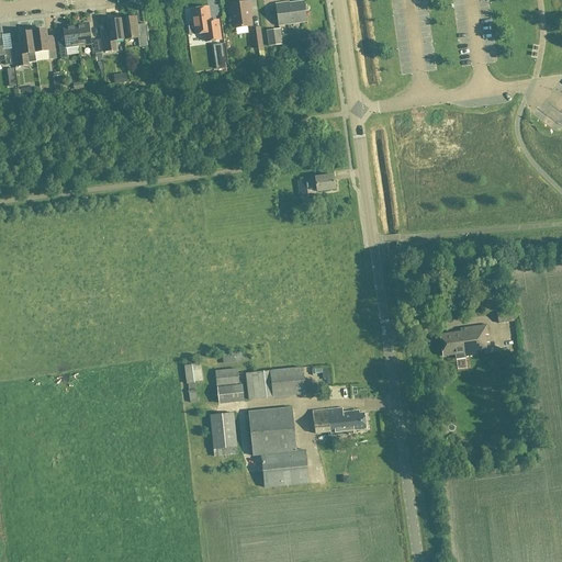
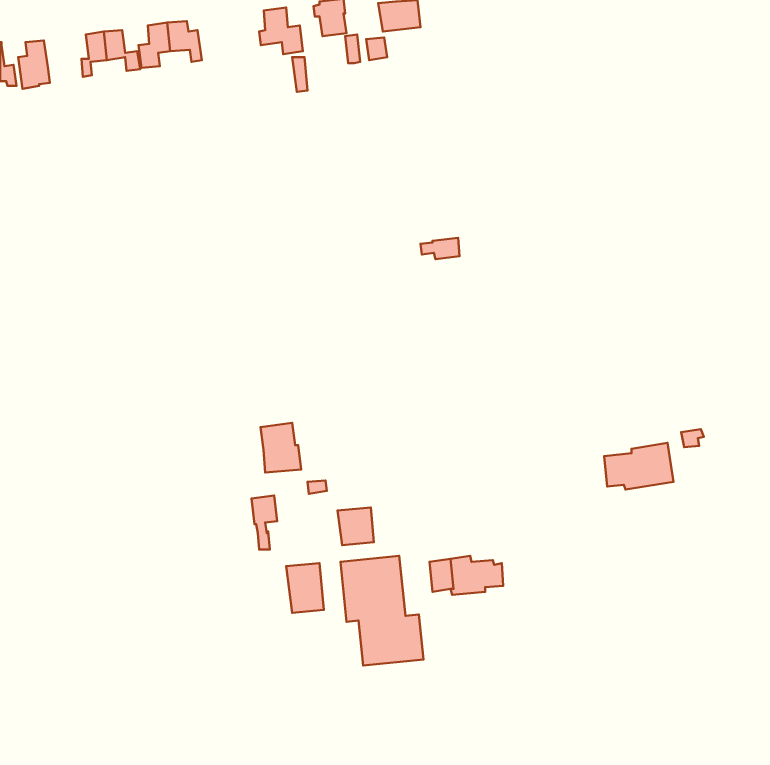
building: [32,27,57,57] -> none
building: [214,366,244,402] -> [260,423,301,472]
building: [270,366,305,395] -> none

